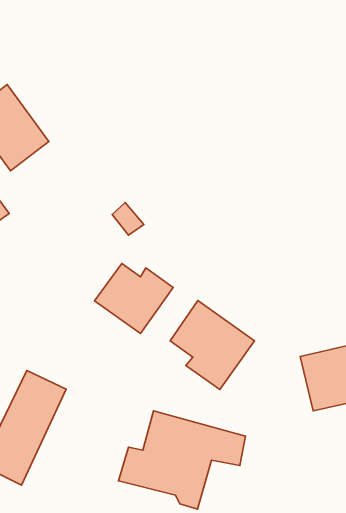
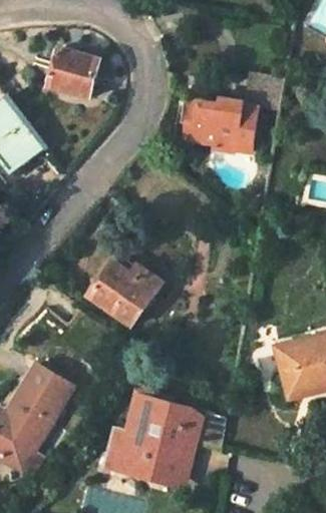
building: none -> [47,48,99,99]
building: none -> [184,99,255,153]
building: [170,301,255,390] -> none

